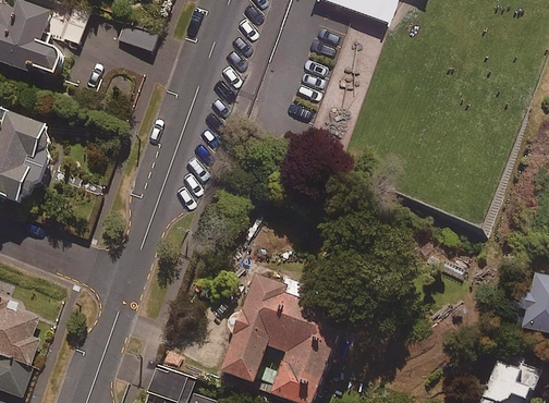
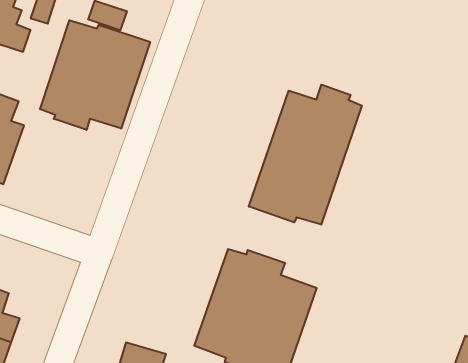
building: none -> [40,20,150,130]
building: none -> [249,85,362,225]

